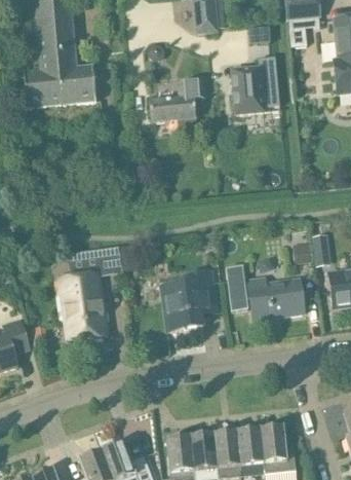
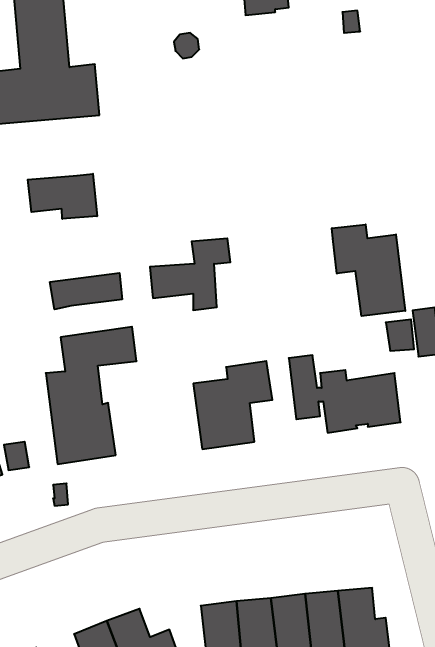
building: [229,57,278,116] -> none
building: [149,80,204,130] -> [150,238,230,310]
building: none -> [28,174,97,219]
building: none -> [332,224,405,316]
building: none -> [50,273,122,309]

